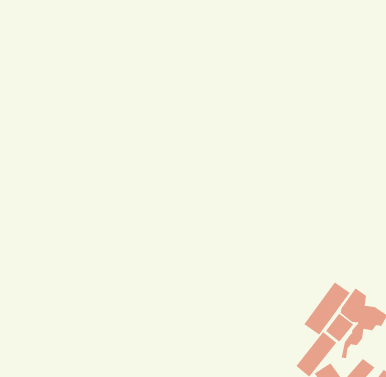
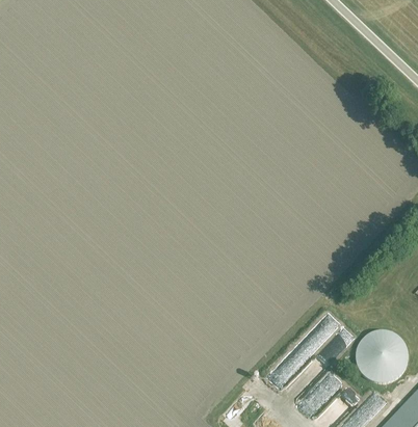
building: [303,281,351,335] -> none

